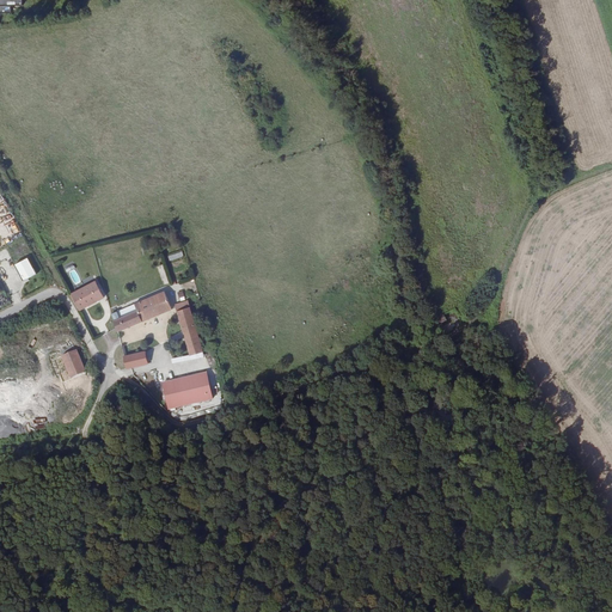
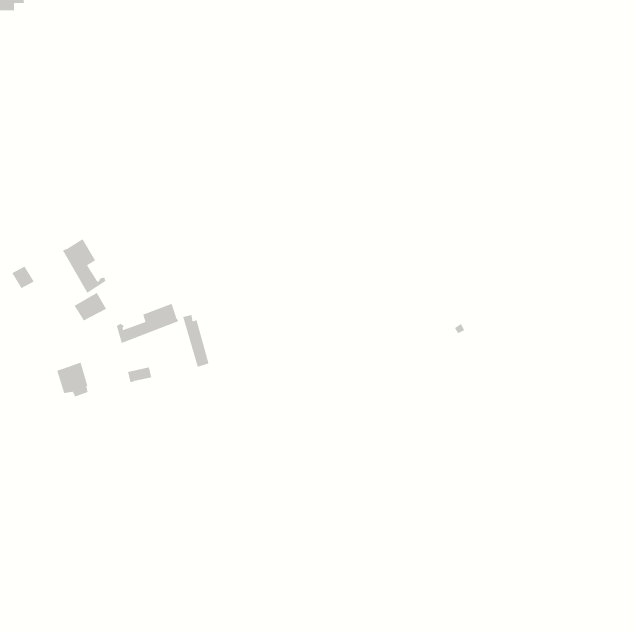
building: none -> [62,238,107,294]
building: [163,373,206,411] -> none

